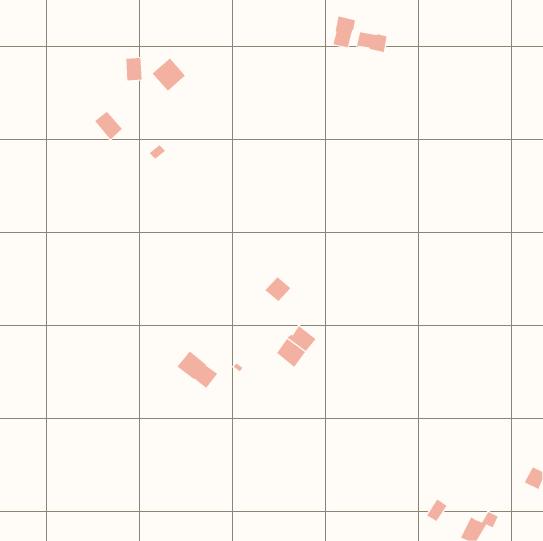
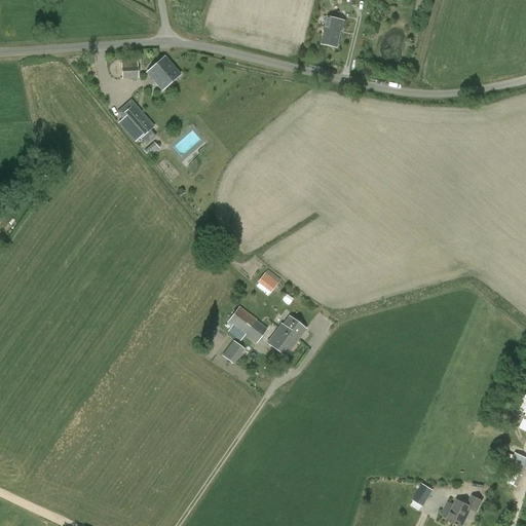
building: [357,31,387,53] -> none
building: [94,111,123,140] -> [125,108,153,137]
building: [177,351,218,389] -> [227,305,267,342]

